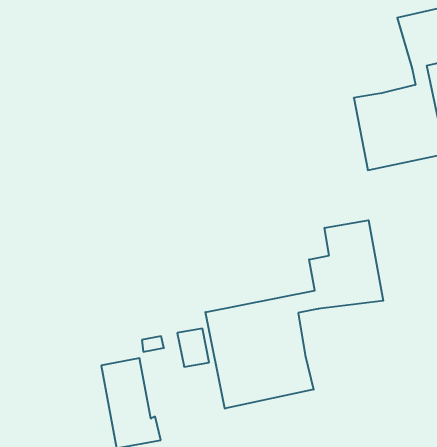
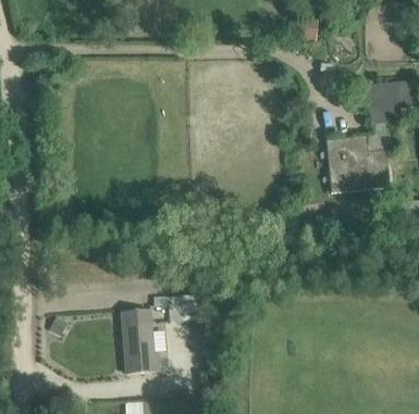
building: [205,220,383,409] -> none

